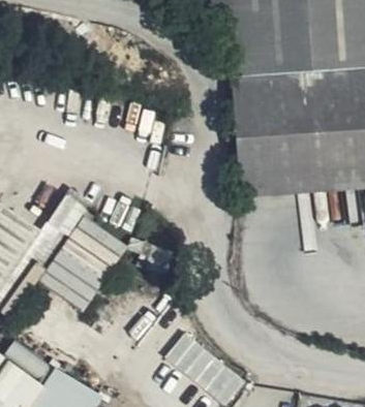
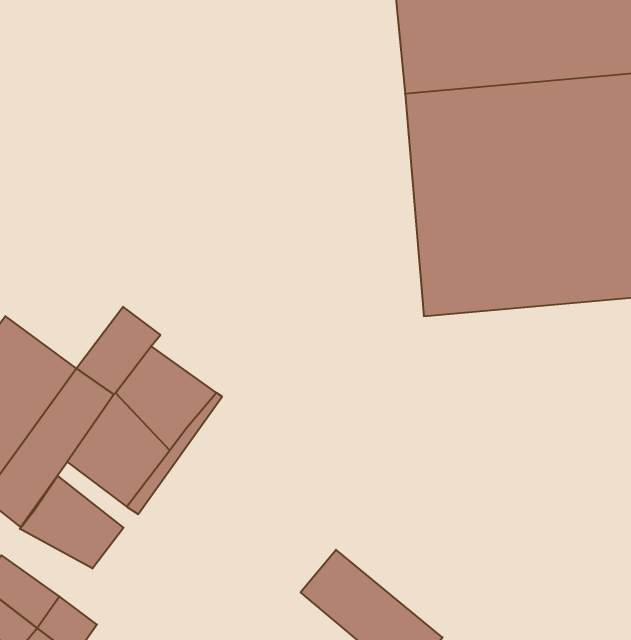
building: none -> [20,476,124,569]

